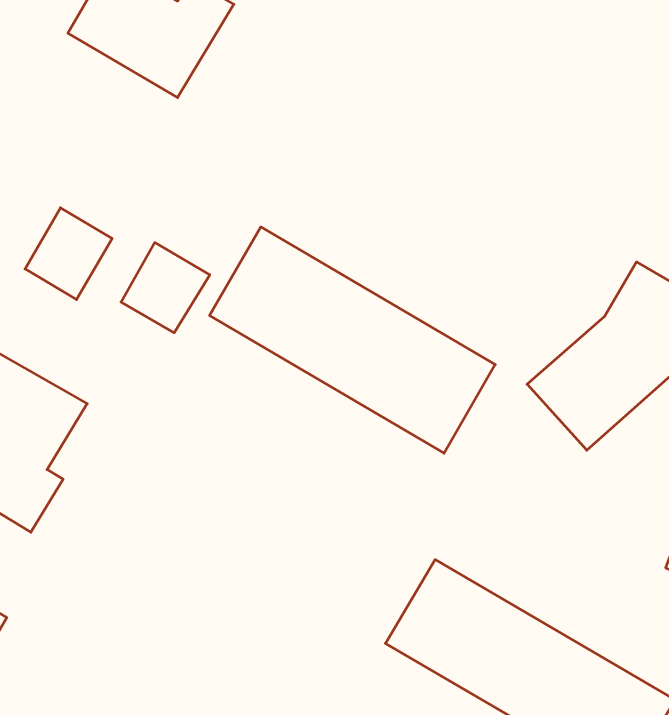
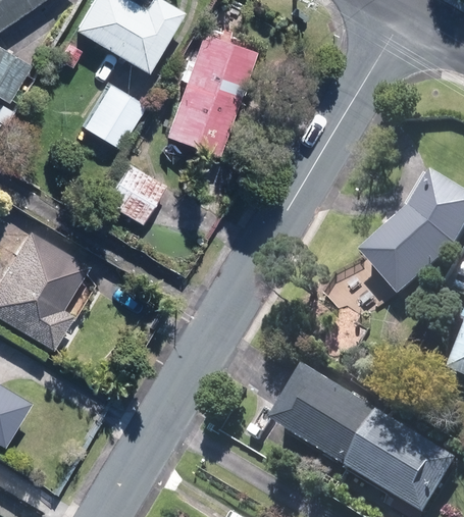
building: none -> [163,35,249,153]
building: [25,208,112,300] -> [85,87,140,145]
building: [210,227,495,453] -> none

